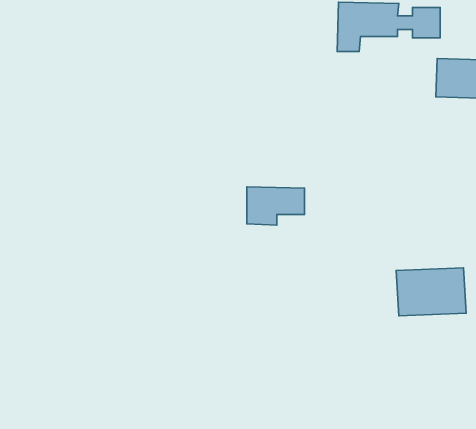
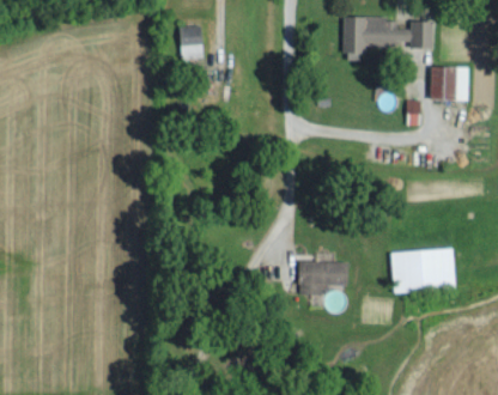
building: none -> [180,25,204,59]
building: [247,187,304,225] -> [298,261,348,294]

